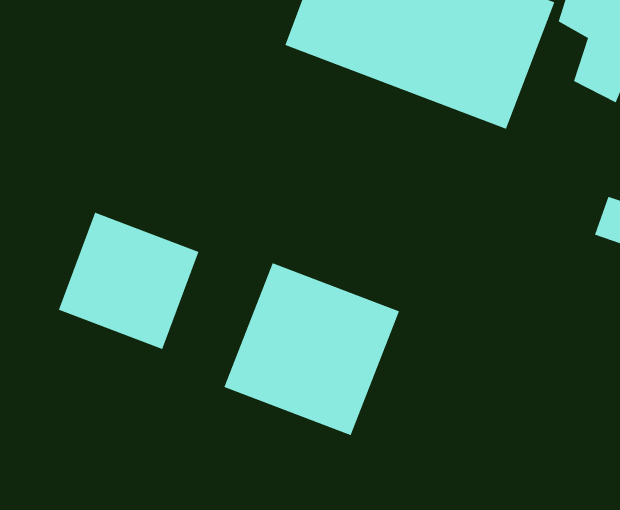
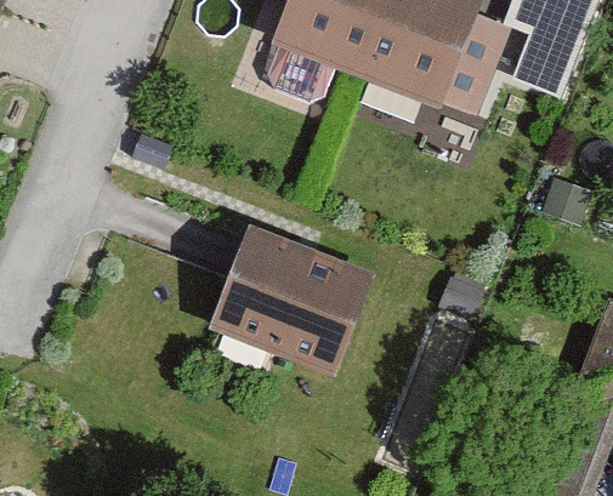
building: [58,212,199,350] -> none

